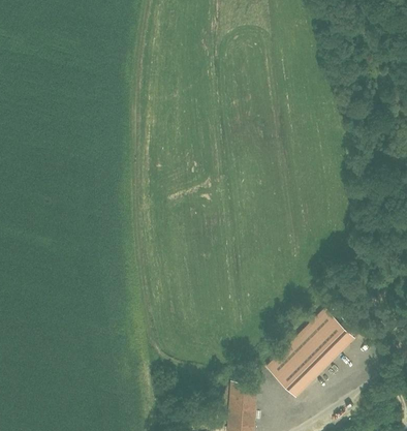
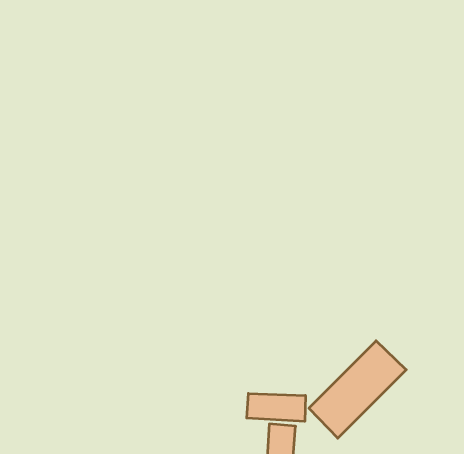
building: none -> [247,393,305,421]

